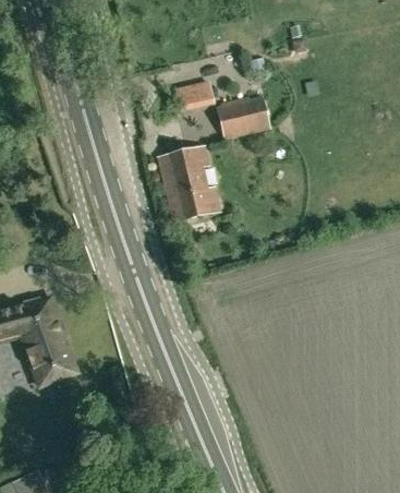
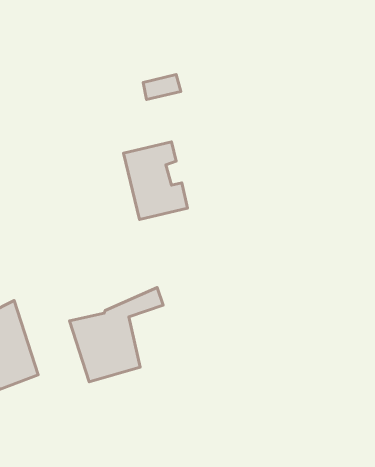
building: [217,94,270,140] -> none
building: none -> [69,287,163,382]

